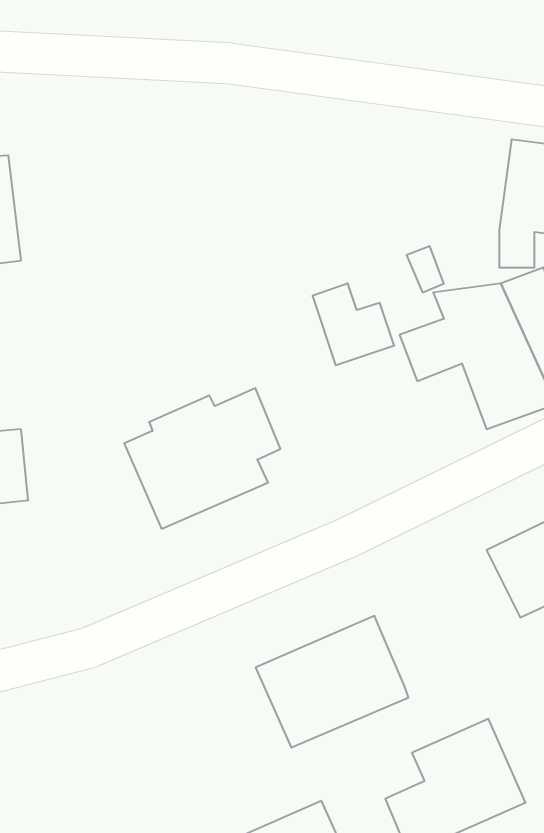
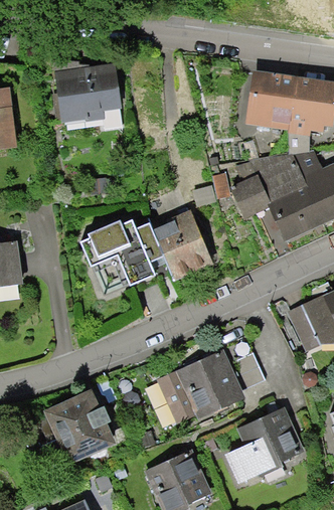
building: none -> [54,59,120,128]
building: none -> [247,73,297,131]
building: none -> [158,214,216,280]
building: none -> [224,351,260,389]
building: none -> [48,391,120,465]

